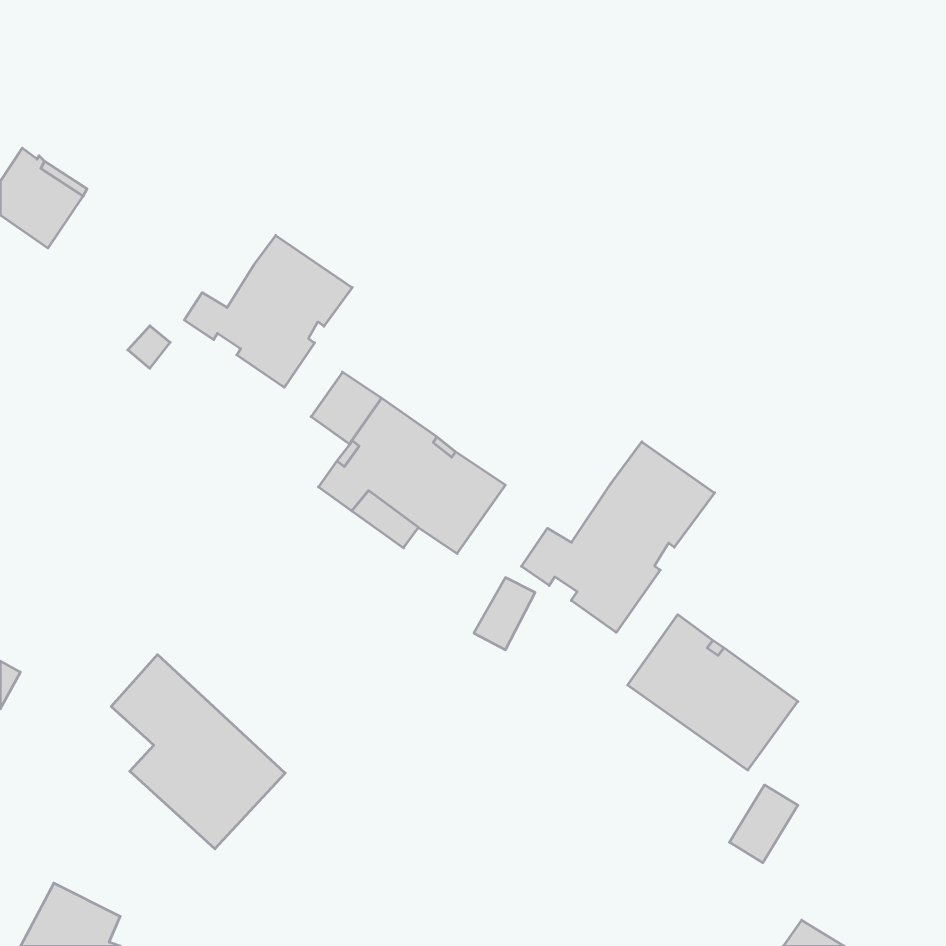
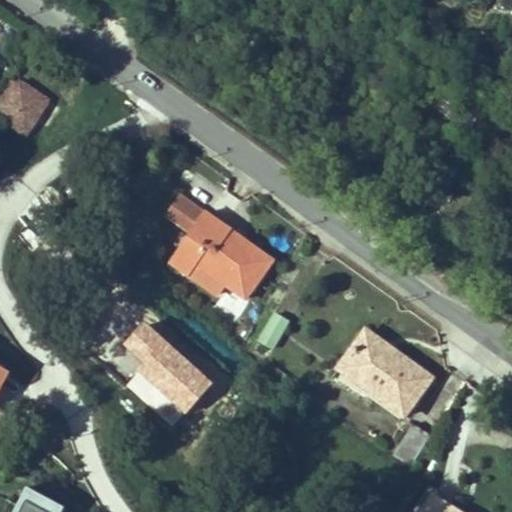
building: [184,235,352,387] -> none
building: [521,442,715,632] -> none
building: [111,655,285,849] -> [118,319,212,424]

